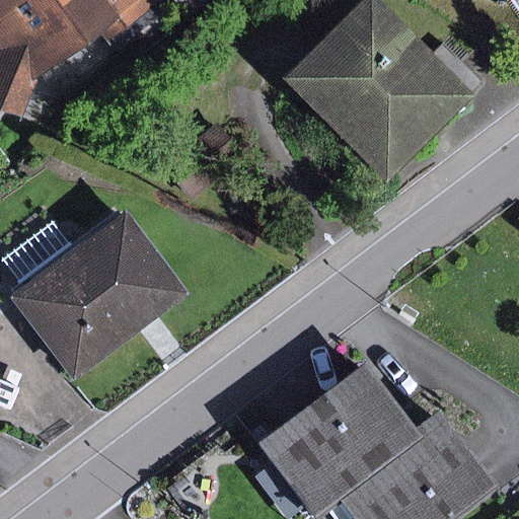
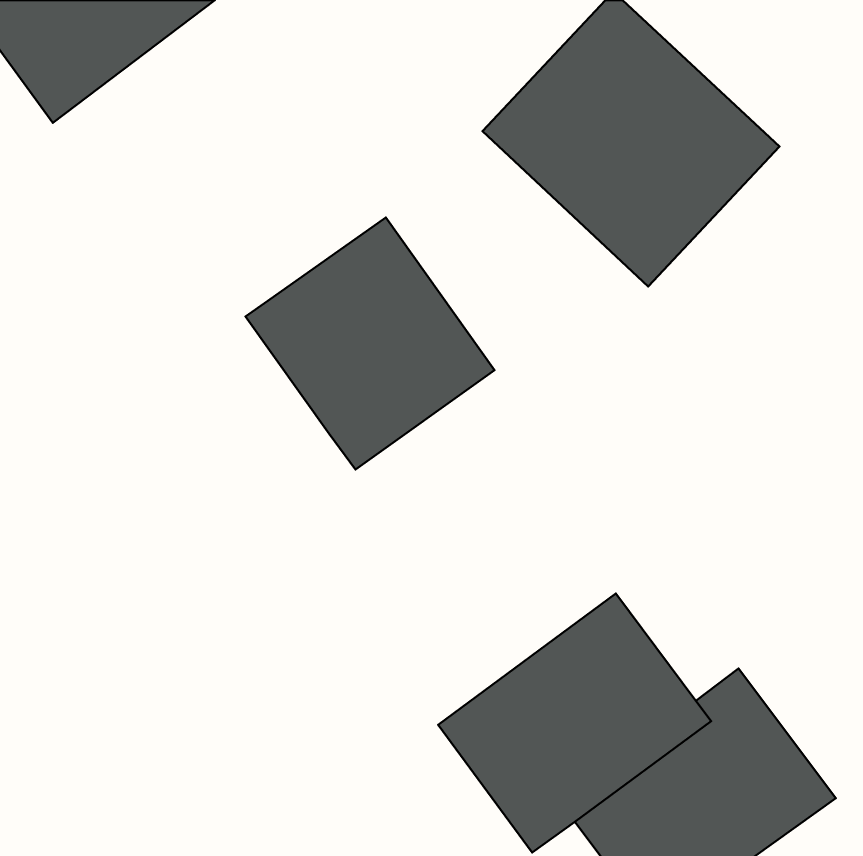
building: none -> [245,217,494,470]
building: [11,216,187,375] -> none

